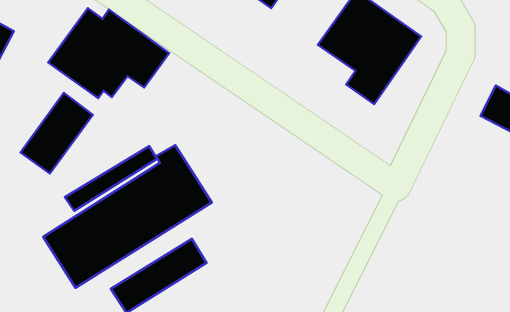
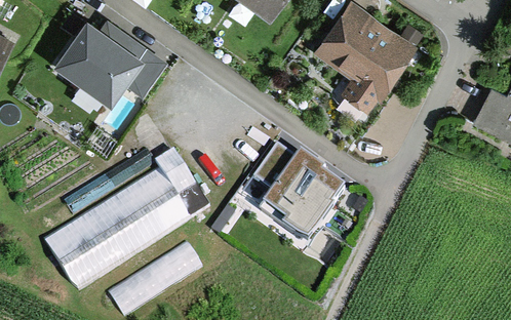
building: [21,93,93,174] -> none
building: none -> [254,147,342,245]

